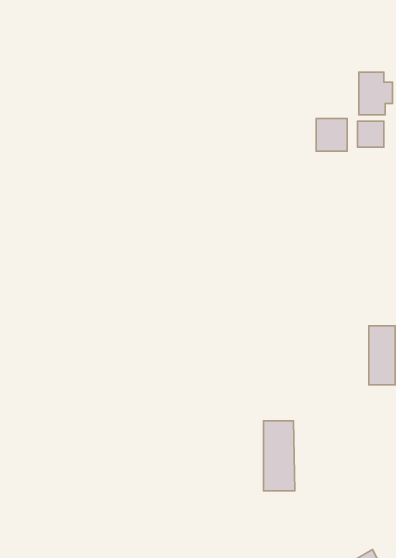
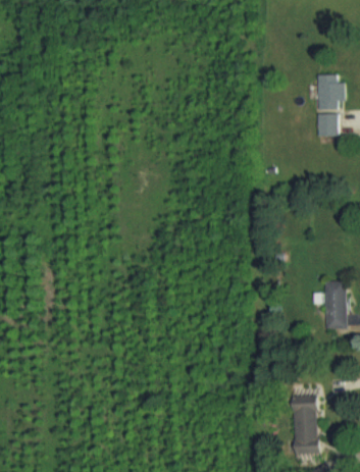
building: [316,119,347,151] -> none
building: [264,421,295,491] -> [294,397,319,454]

